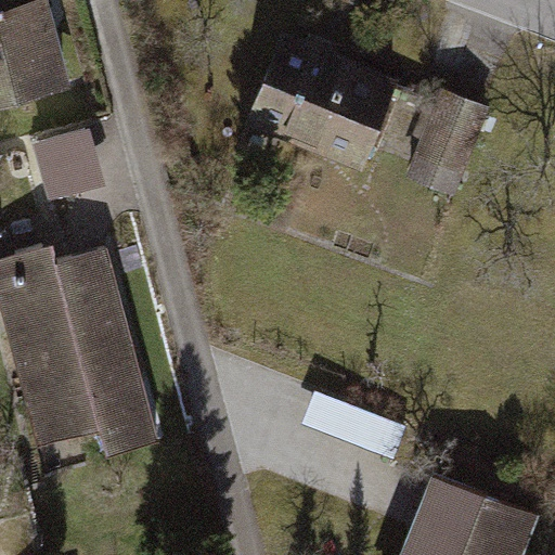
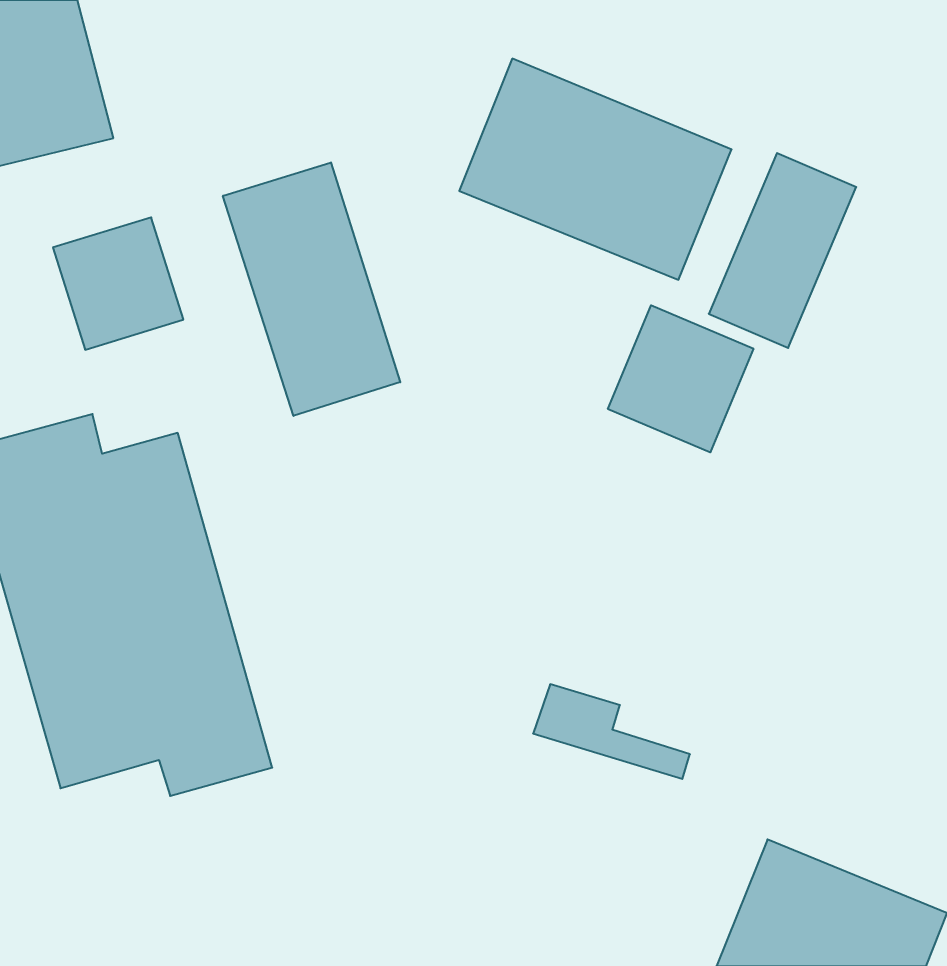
building: none -> [223,162,400,416]
building: none -> [608,305,753,452]

